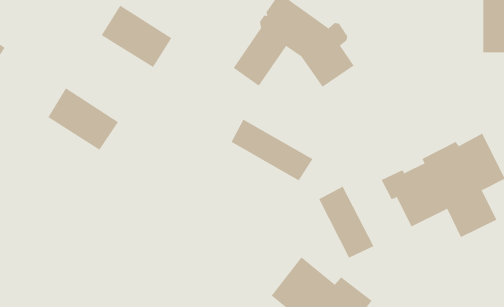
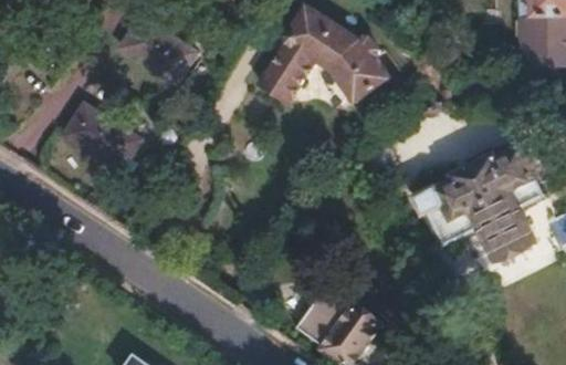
building: [231,119,313,181] -> none
building: [319,186,374,258] -> none

